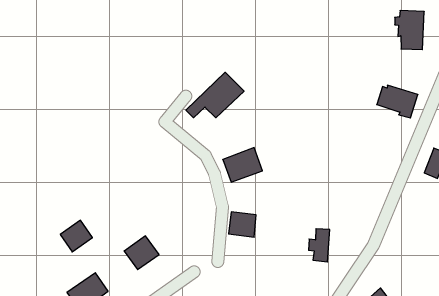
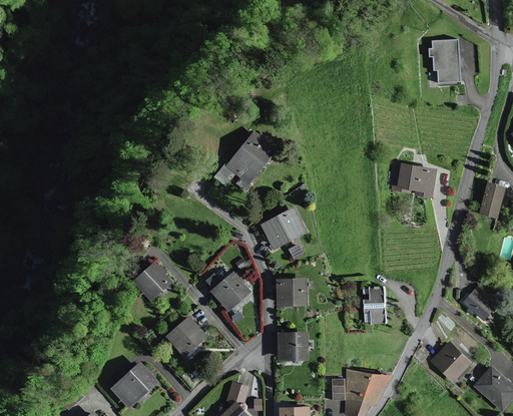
building: [377,85,418,118] -> [391,164,434,196]
building: none -> [208,271,250,311]
building: [60,220,92,252] -> [134,265,169,300]
building: none -> [464,285,501,321]
building: none -> [280,334,307,361]

